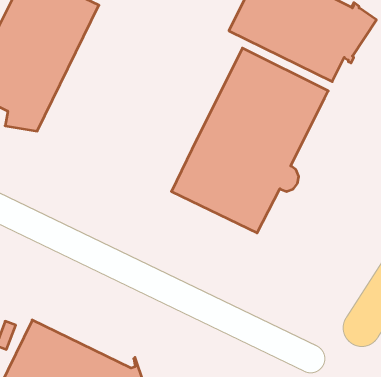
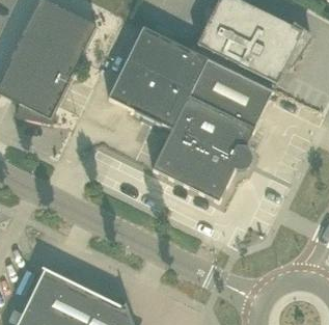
building: none -> [108,26,207,128]

